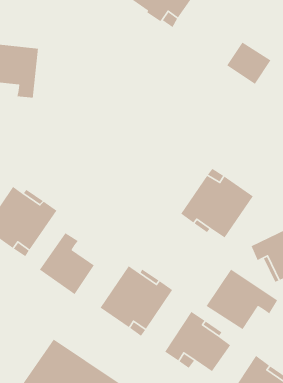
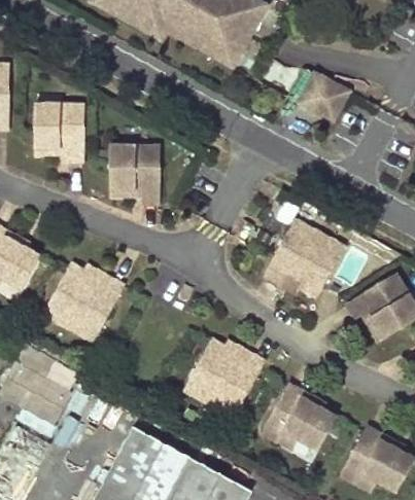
building: none -> [108,144,159,202]
building: [39,232,95,295] -> none
building: [206,268,278,330] -> none

